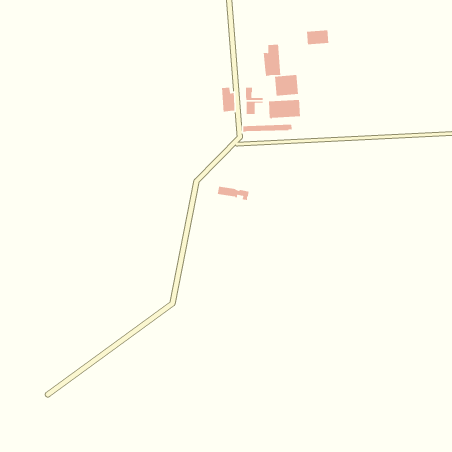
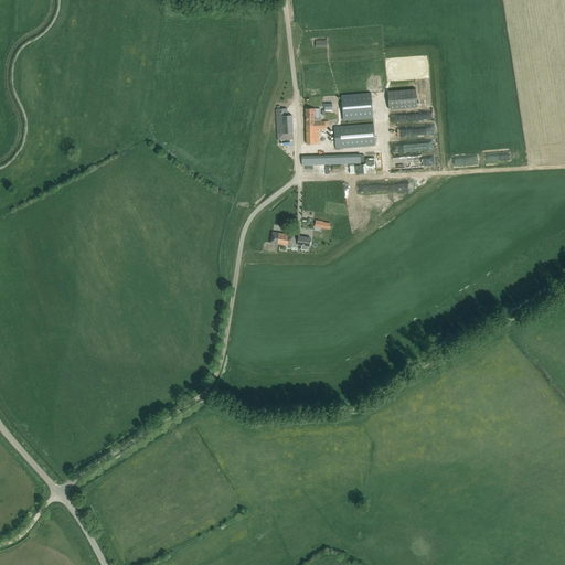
building: [306,29,329,45] -> [388,89,417,109]
building: [263,44,281,77] -> none

